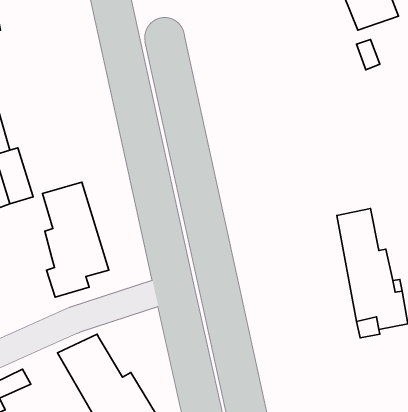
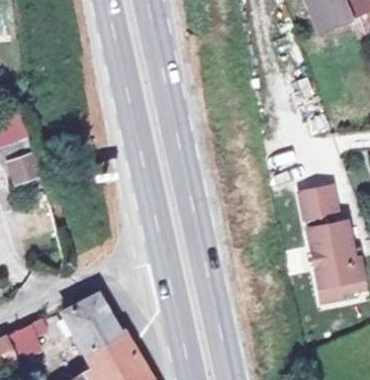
building: [42,182,109,297] -> none

